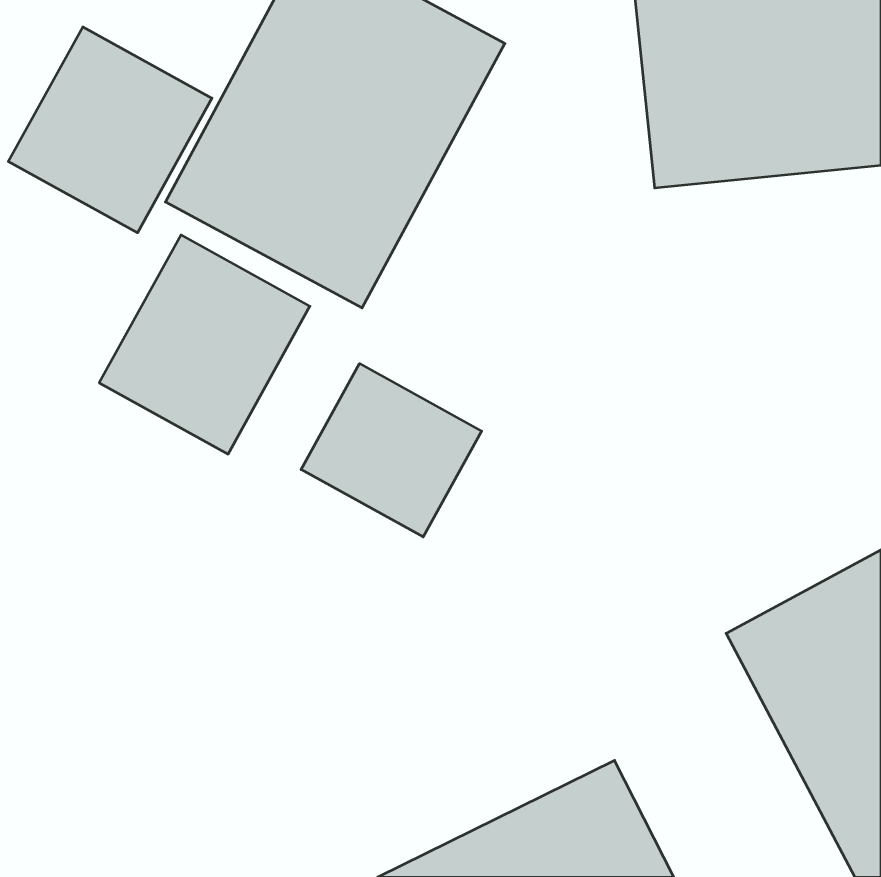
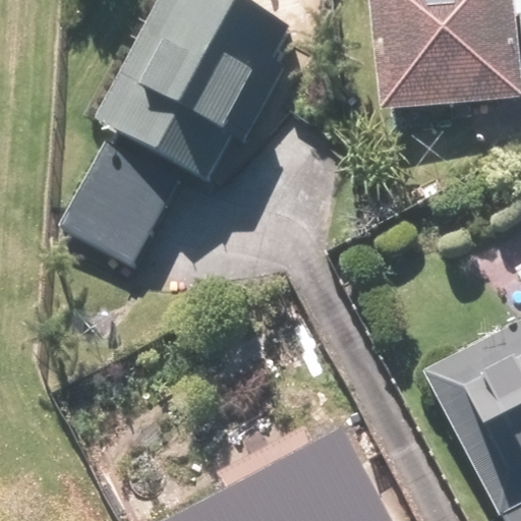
building: [8,27,212,233] -> none
building: [301,364,482,537] -> none

